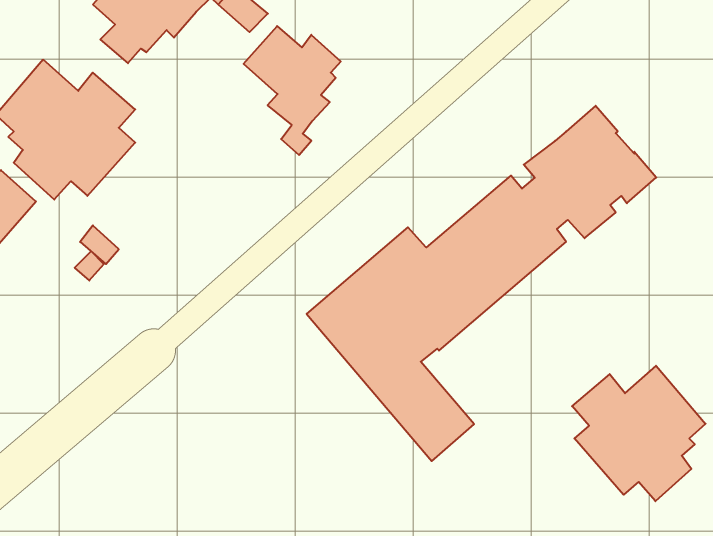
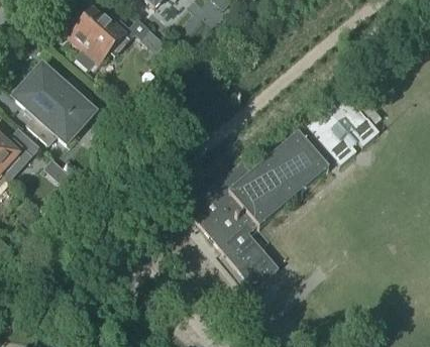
building: [244,26,341,155] -> none
building: [572,366,706,501] -> none

